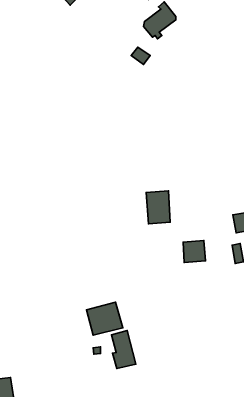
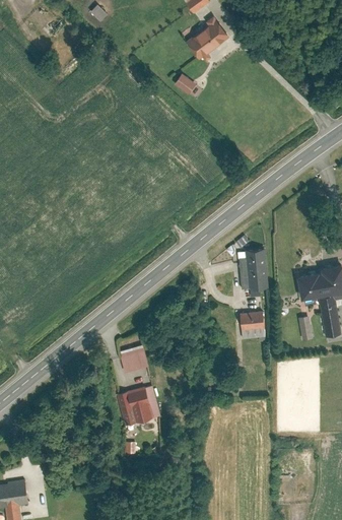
building: [146,191,170,224] -> [238,251,268,291]
building: none -> [119,346,149,375]
building: [111,331,136,369] -> none

